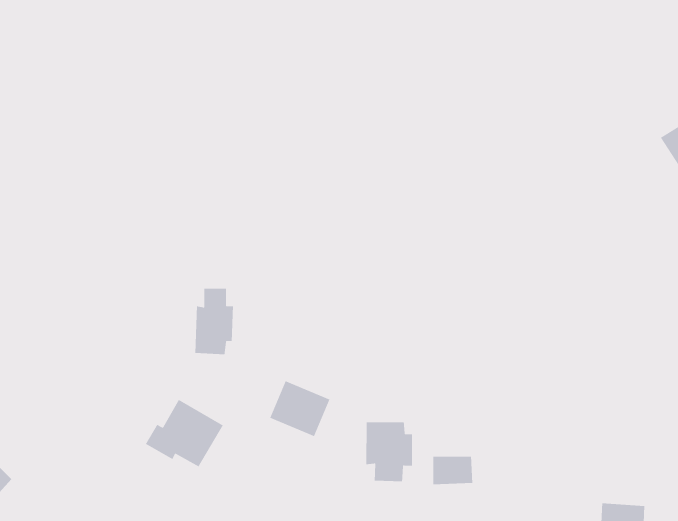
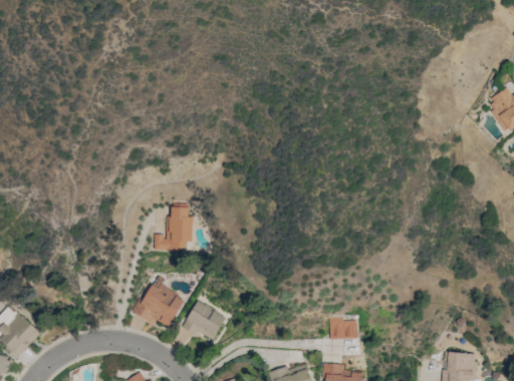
building: [269,380,331,437] -> [184,301,226,340]
building: [365,421,413,482] -> none

